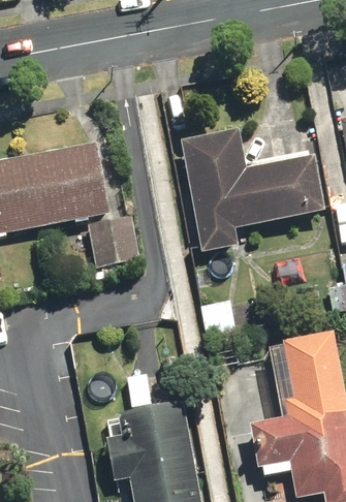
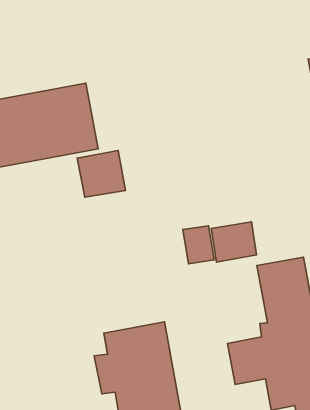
building: [181,128,325,252] -> none
building: none -> [211,222,256,262]

